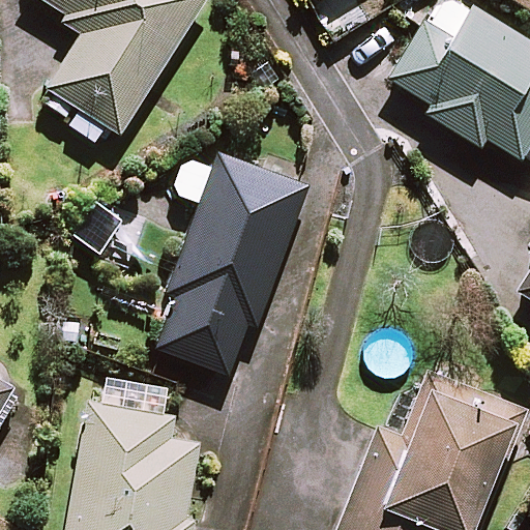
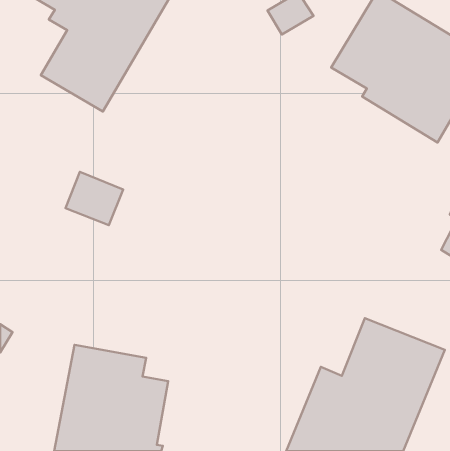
building: [155,154,308,377] -> none

